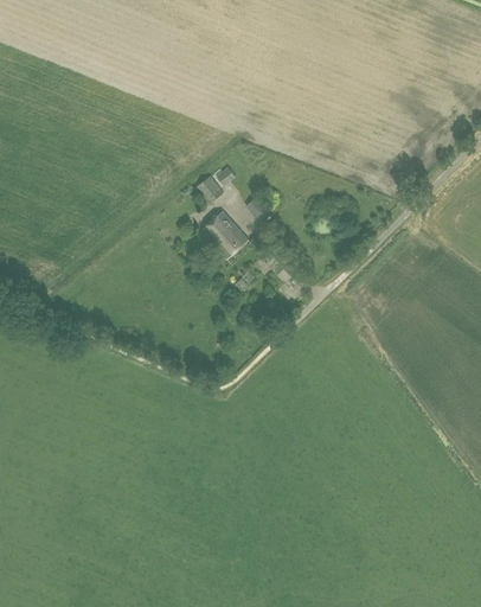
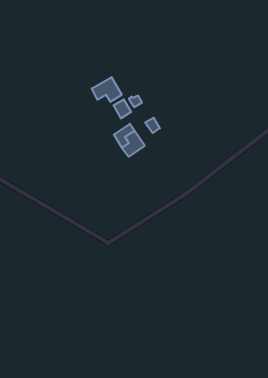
building: none -> [92,77,122,102]

